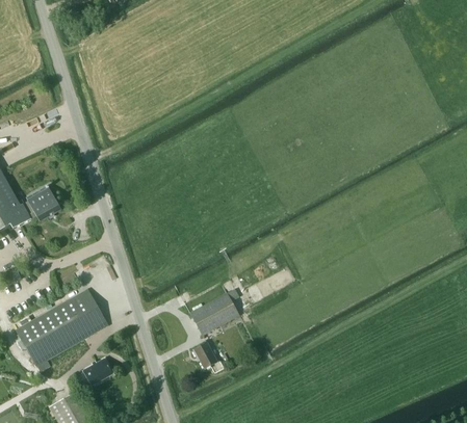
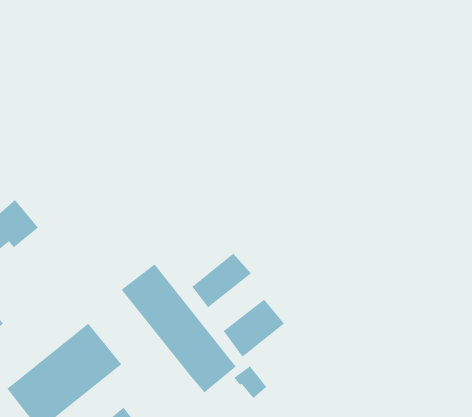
building: none -> [121,263,236,394]
building: none -> [192,253,252,308]

